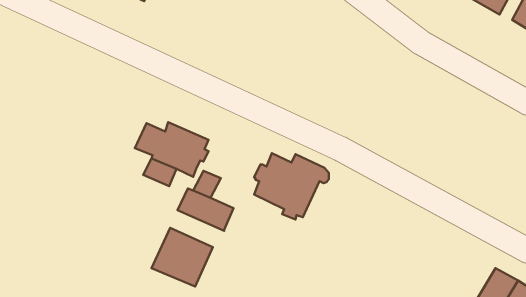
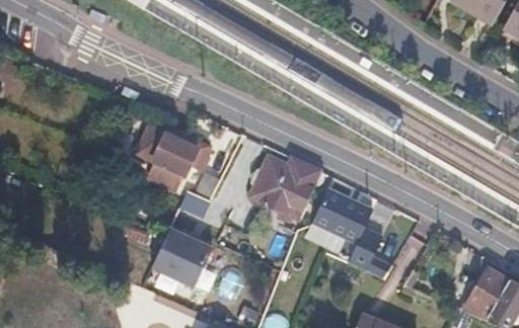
building: none -> [312,187,391,279]

